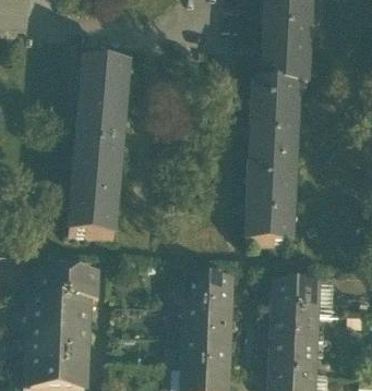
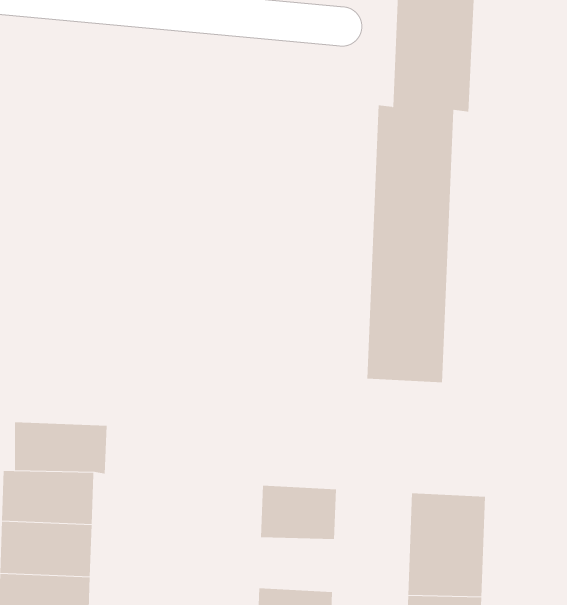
building: [69,60,130,235] -> none
building: [185,274,230,306] -> none
building: [273,278,317,310] -> none
building: [183,334,228,366] -> none

